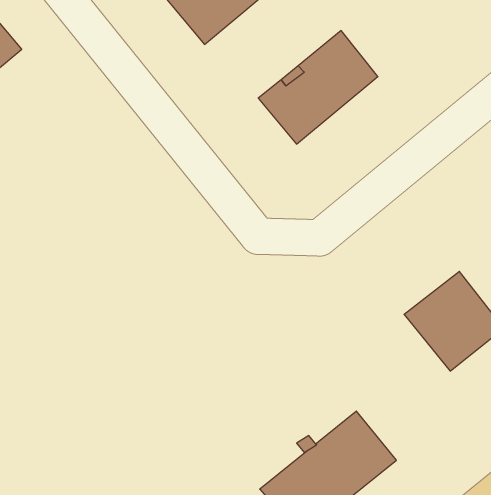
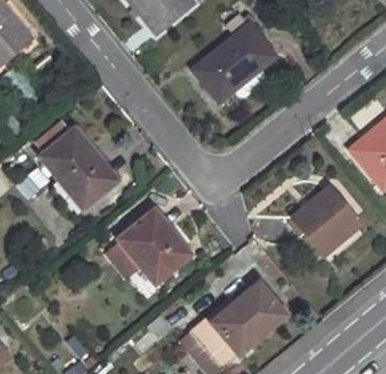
building: none -> [38,127,114,209]
building: none -> [118,211,189,284]

